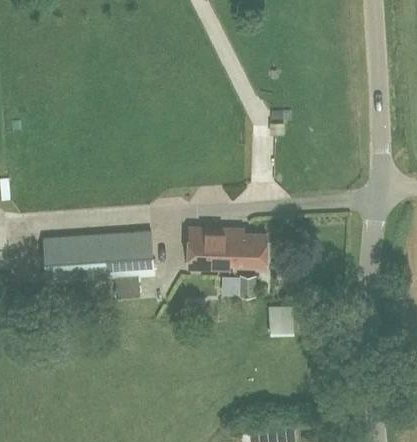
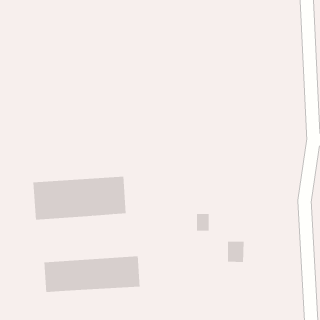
building: [188,227,266,269] -> none
building: none -> [44,256,140,293]

